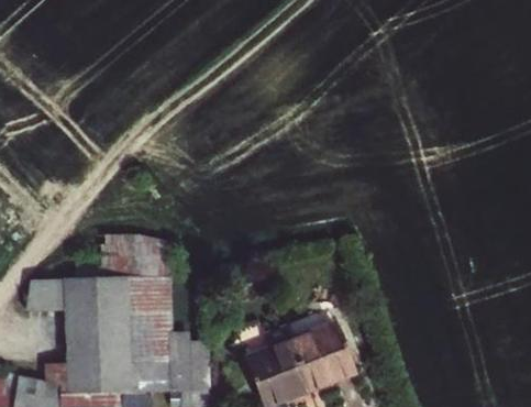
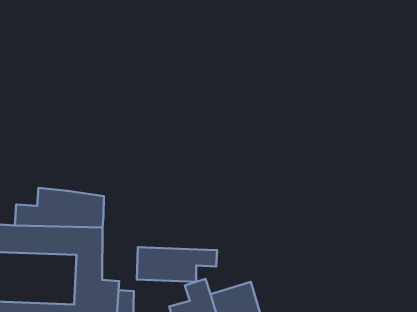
building: none -> [137,247,217,282]
building: [68,308,144,364] -> none

